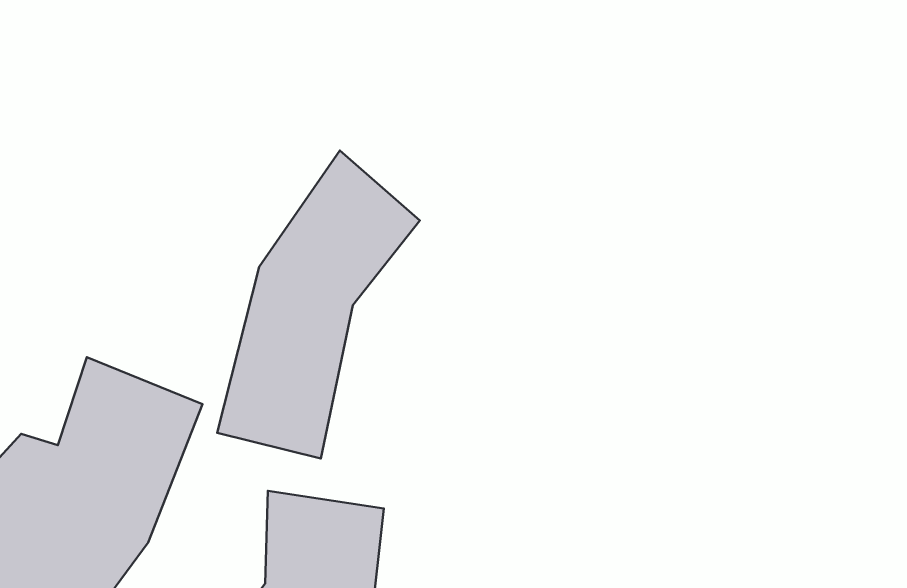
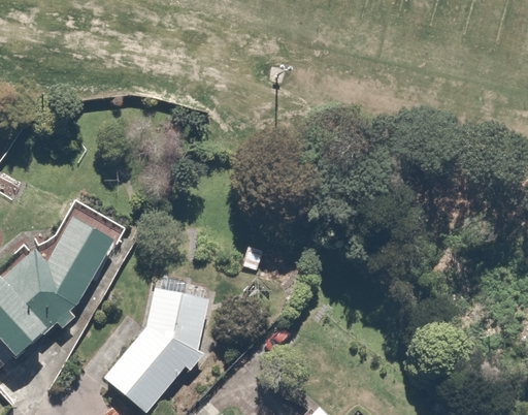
building: [217,150,420,459] -> none

